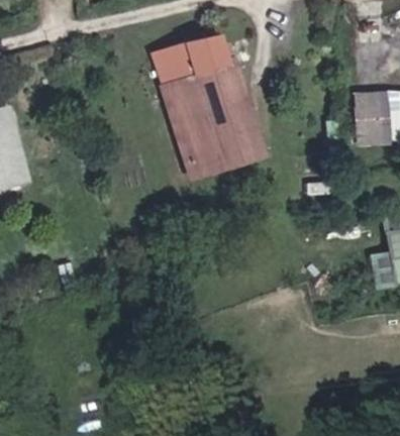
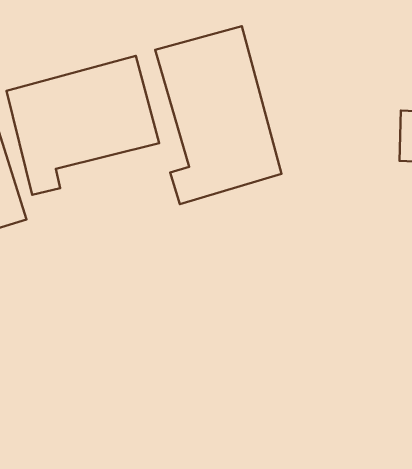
building: none -> [7,56,159,195]

